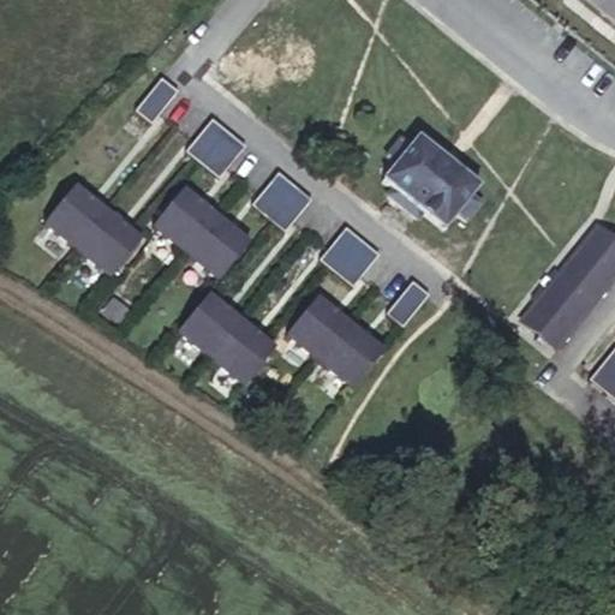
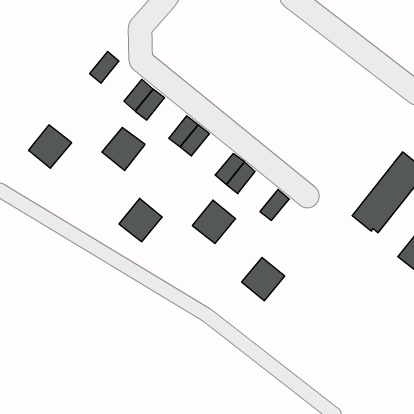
building: [384,136,482,226] -> none
building: [78,210,142,275] -> none
building: [187,213,250,277] -> none
building: [213,320,276,383] -> none
building: [321,322,384,386] -> [242,257,285,301]

